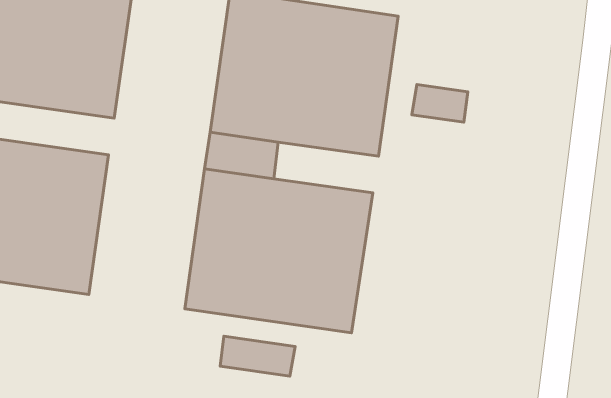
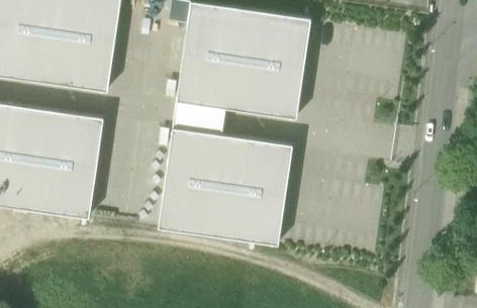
building: [412,85,468,122] -> none
building: [220,336,295,376] -> none

